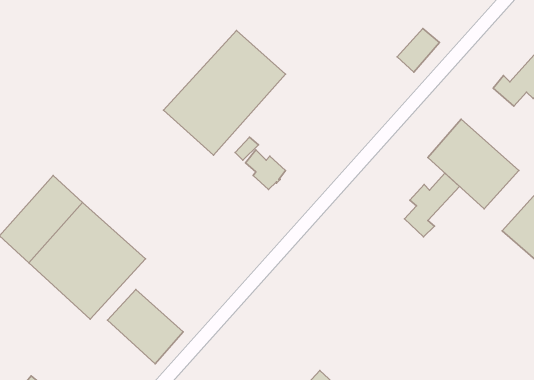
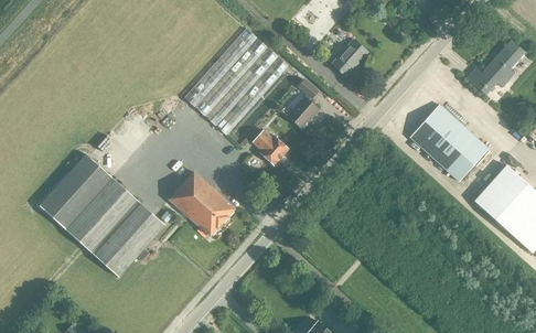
building: [397,28,439,72] -> [331,40,367,77]
building: none -> [287,79,318,128]
building: [405,173,460,237] -> none
building: [108,289,183,364] -> [169,173,234,237]

